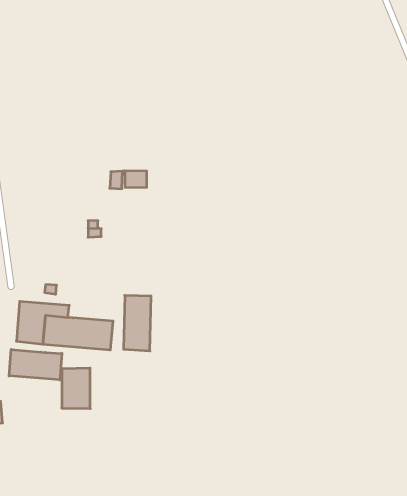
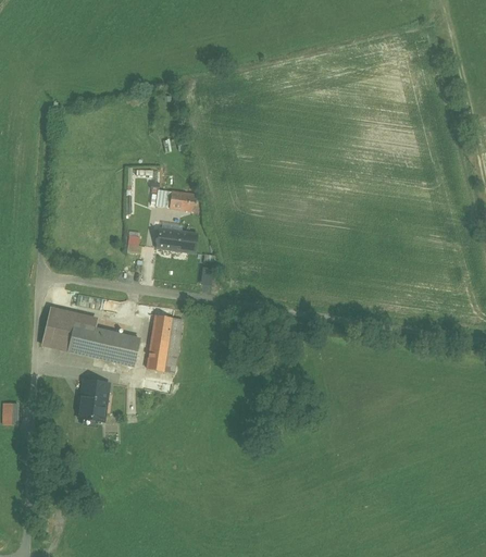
building: none -> [155,226,197,251]
building: [9,349,62,380] -> none

